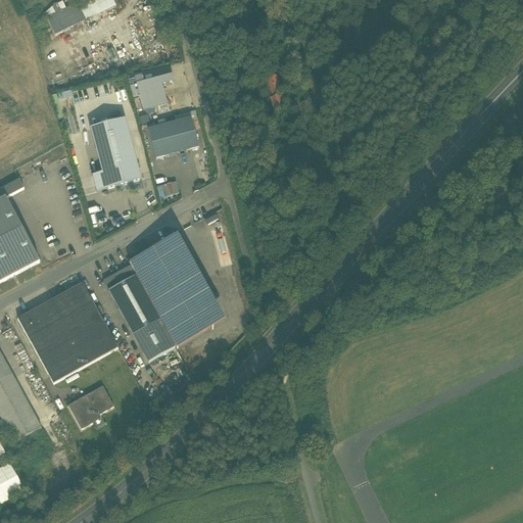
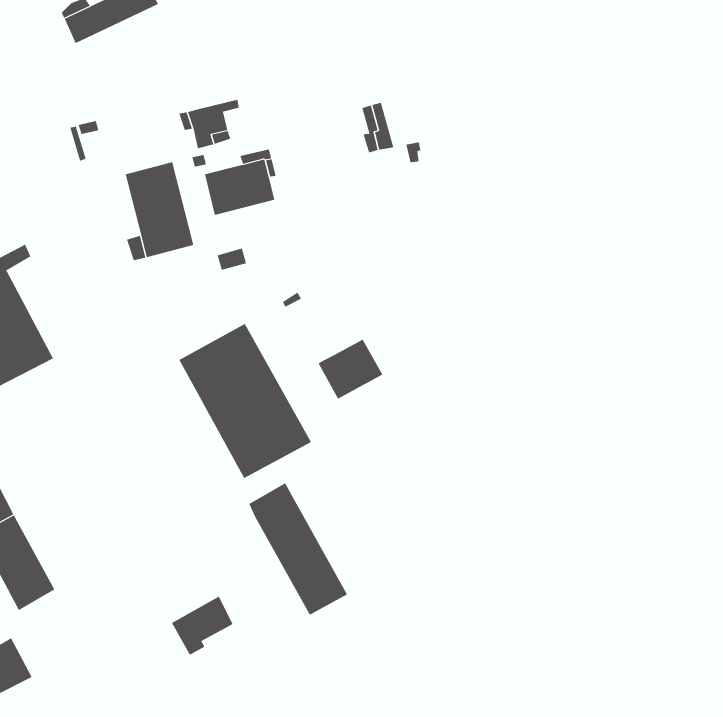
building: none -> [319,339,383,399]
building: [103,264,175,360] -> [249,482,348,616]
building: [16,280,117,381] -> none
building: [67,384,112,427] -> [171,596,233,655]

